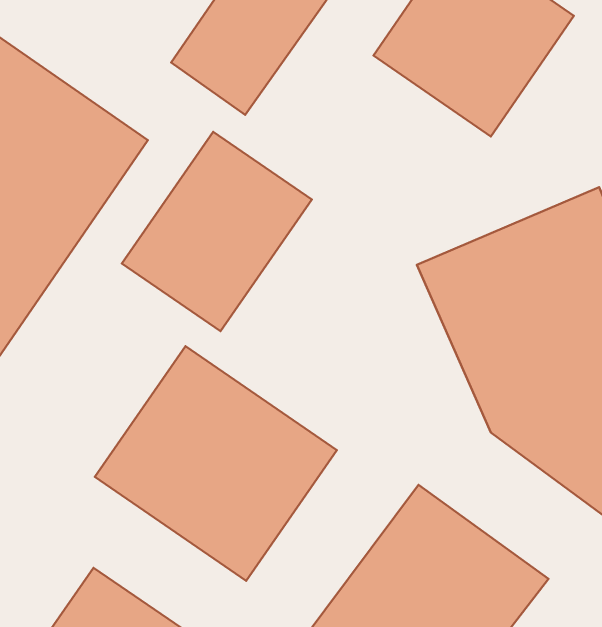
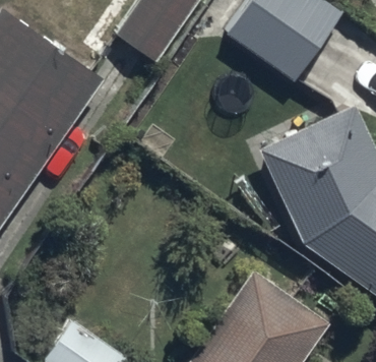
building: [122,132,312,331] -> none
building: [95,346,337,581] -> none

